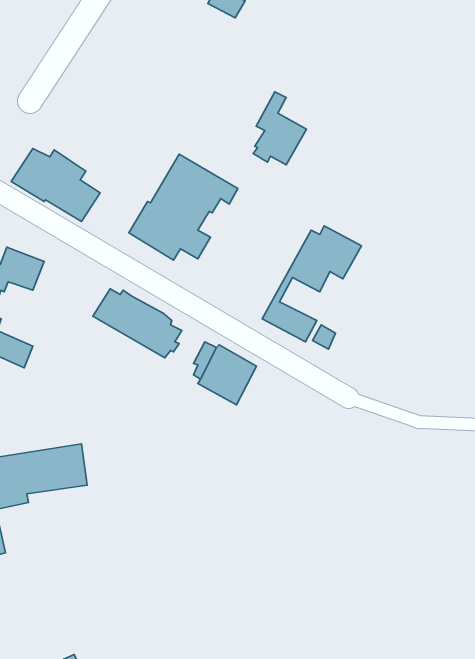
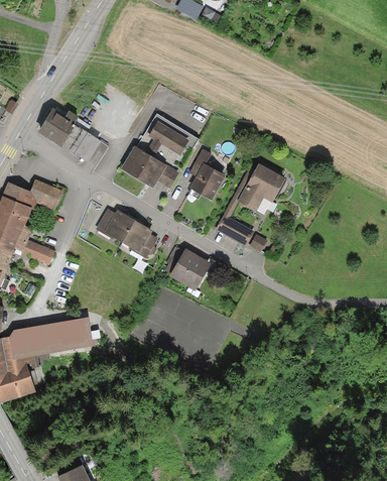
building: [253,92,306,165] -> [187,149,225,201]

